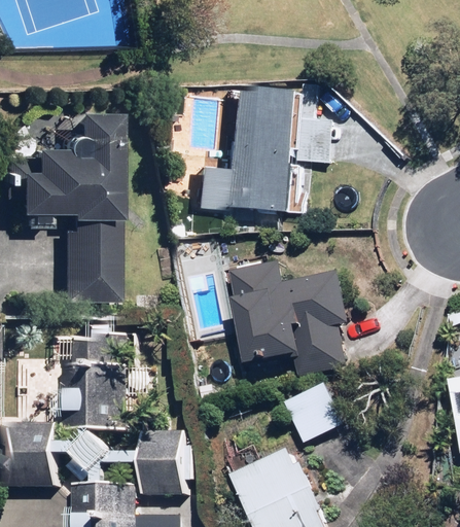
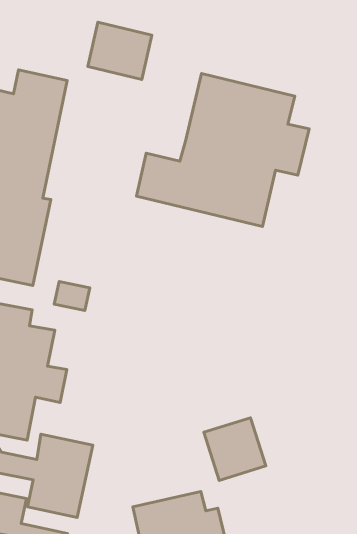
building: none -> [88,22,152,80]
building: [225,261,350,377] -> none

